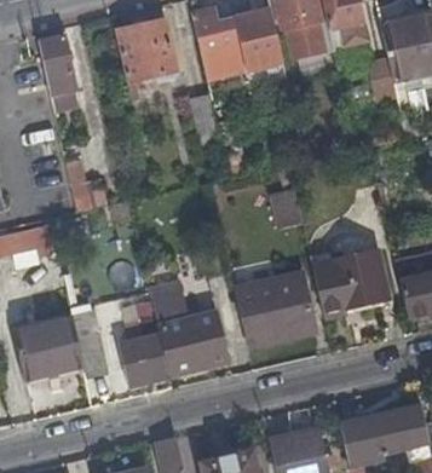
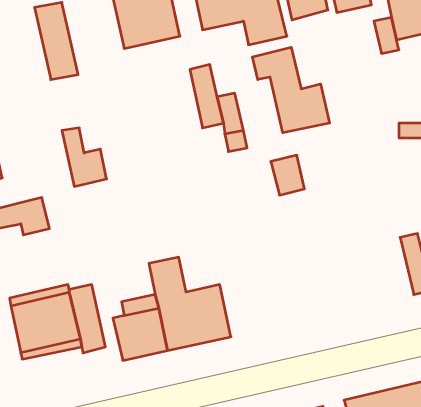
building: none -> [252,47,330,133]
building: [312,250,386,318] -> none
building: [234,271,315,344] -> none

